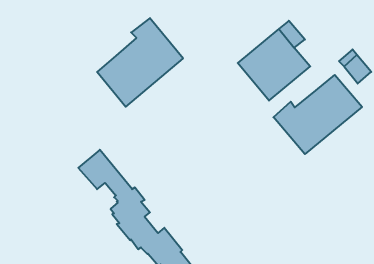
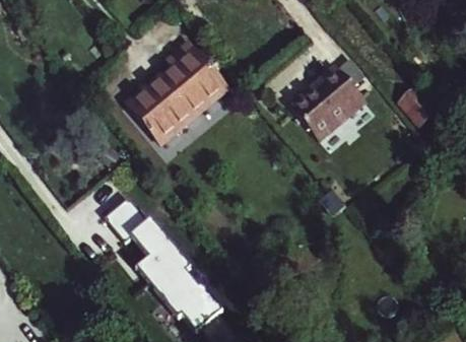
building: [273,75,362,154] -> none

